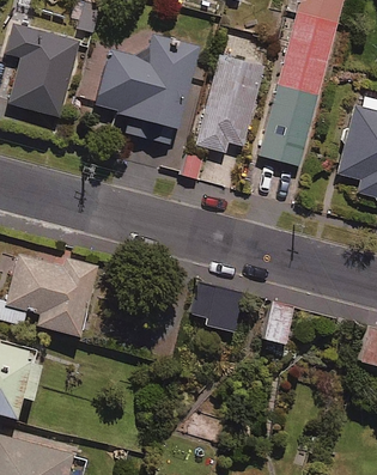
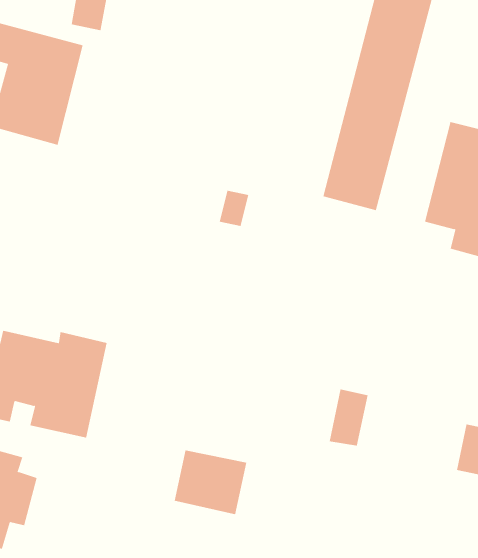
building: [96,35,200,145] -> none
building: [195,54,264,152] -> none
building: [187,281,242,330] -> [174,450,247,515]

